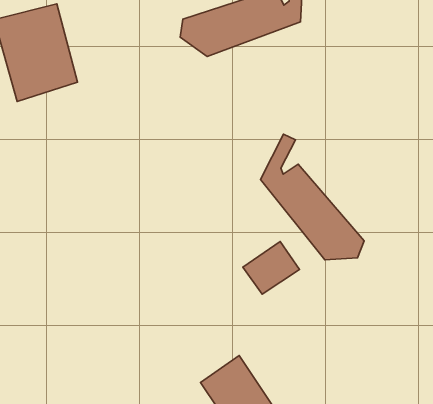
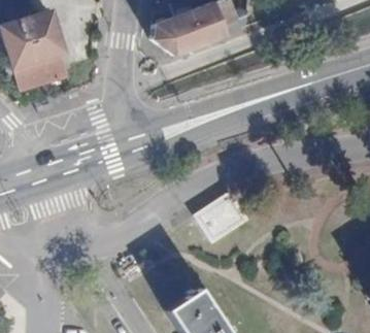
building: [261,134,364,260] -> none

